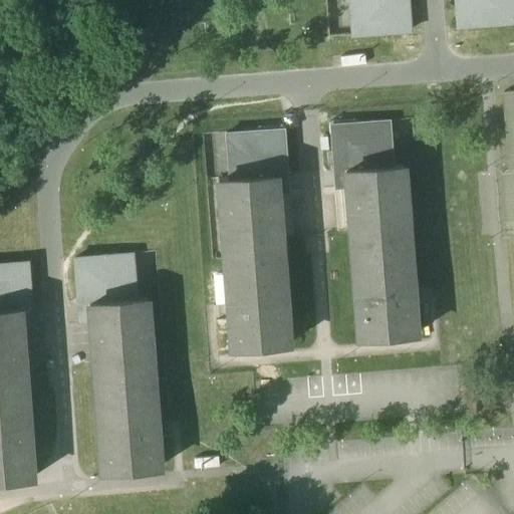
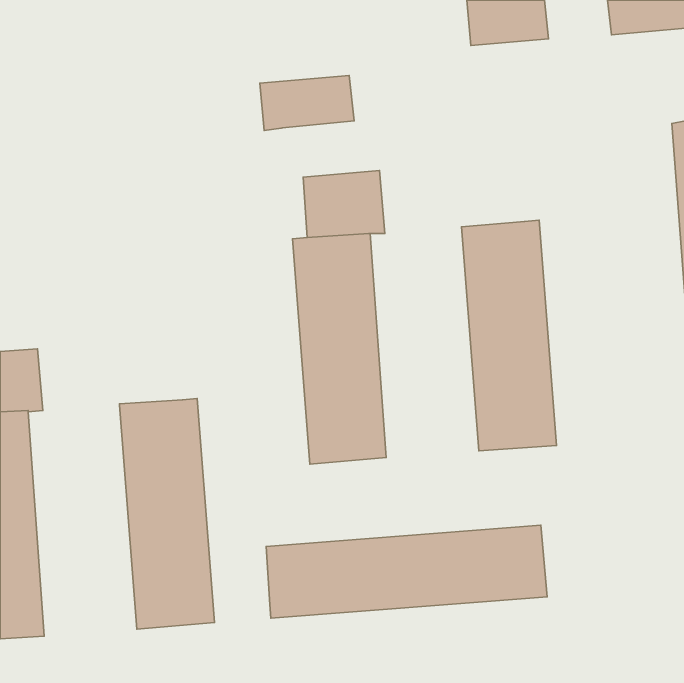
building: none -> [260,76,354,130]
building: [332,121,394,173] -> none
building: [76,255,138,306] -> none
building: none -> [266,525,547,618]

